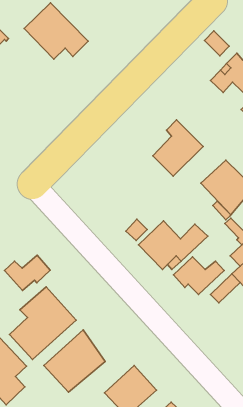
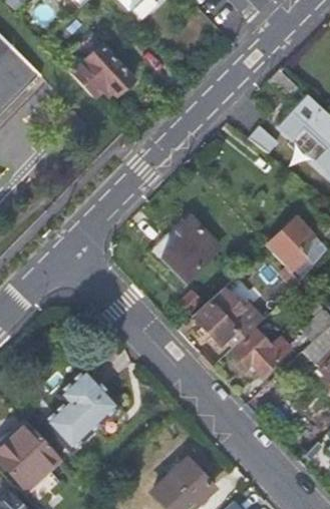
building: [153,120,203,176] -> [161,216,221,283]
building: [4,255,50,290] -> none
building: [44,330,105,392] -> none

